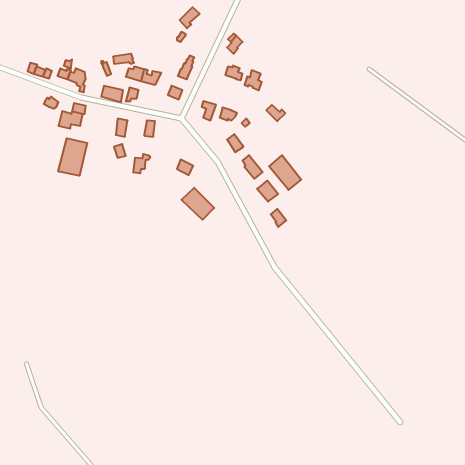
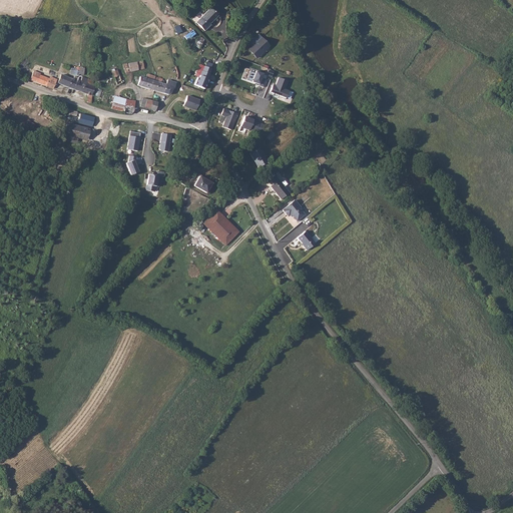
building: [58,138,87,176] -> none
building: [269,155,301,190] -> none

